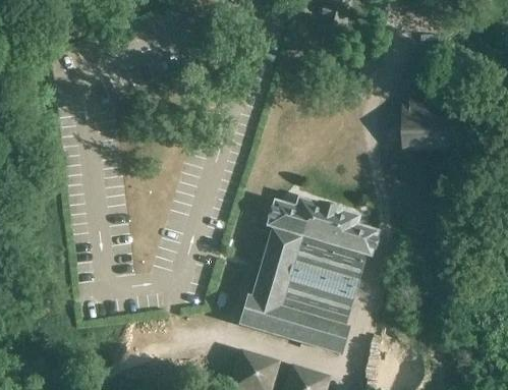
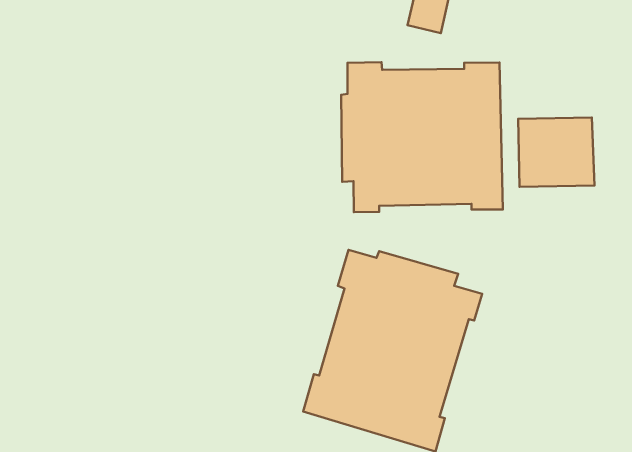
building: none -> [341,62,503,212]

